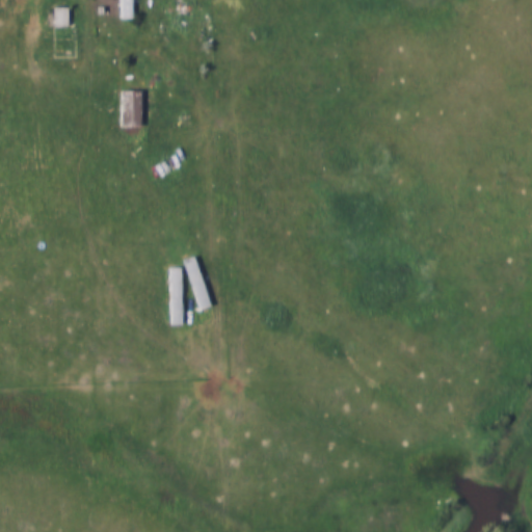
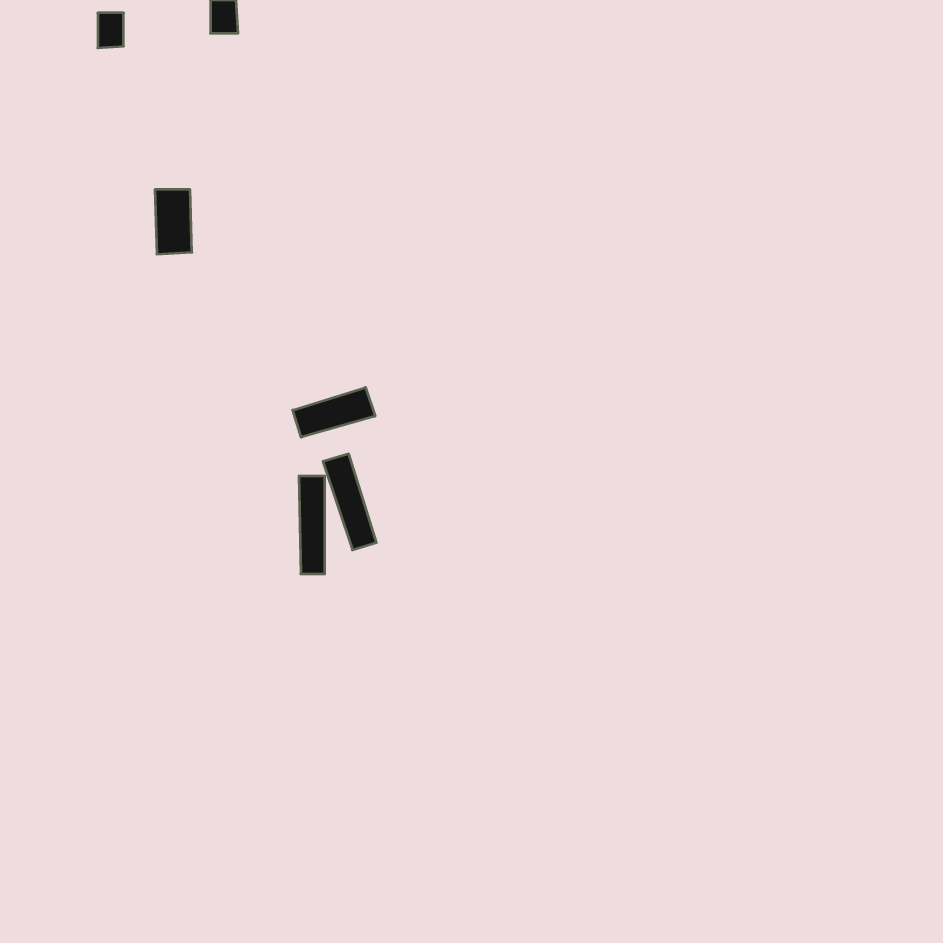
building: [119,91,140,128] -> [155,190,192,254]
building: none -> [293,387,375,437]

